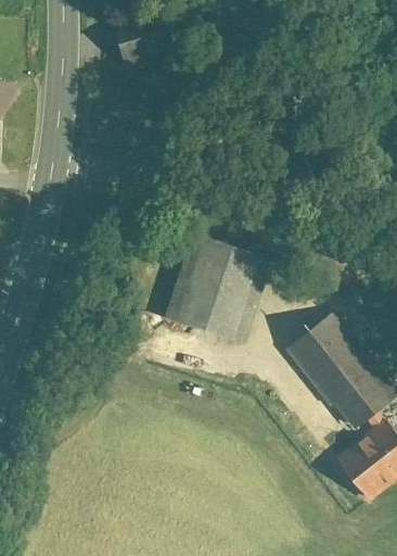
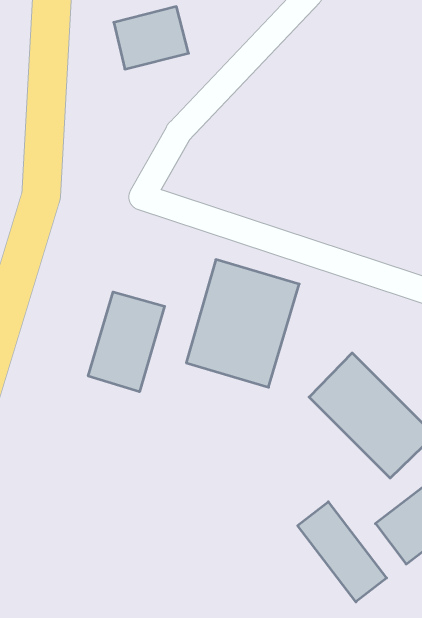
building: none -> [88,292,165,392]
building: none -> [298,502,387,602]

